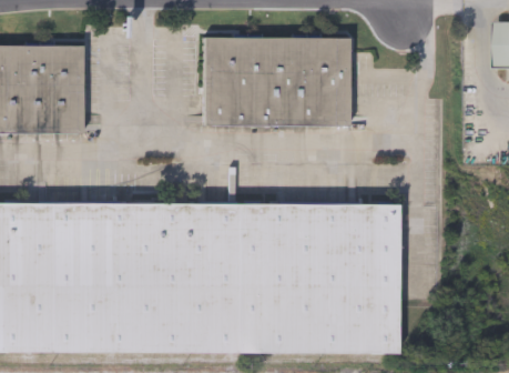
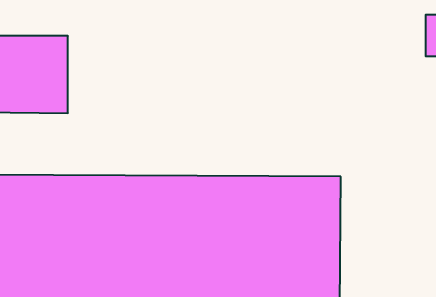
building: [203,36,350,125] -> none

